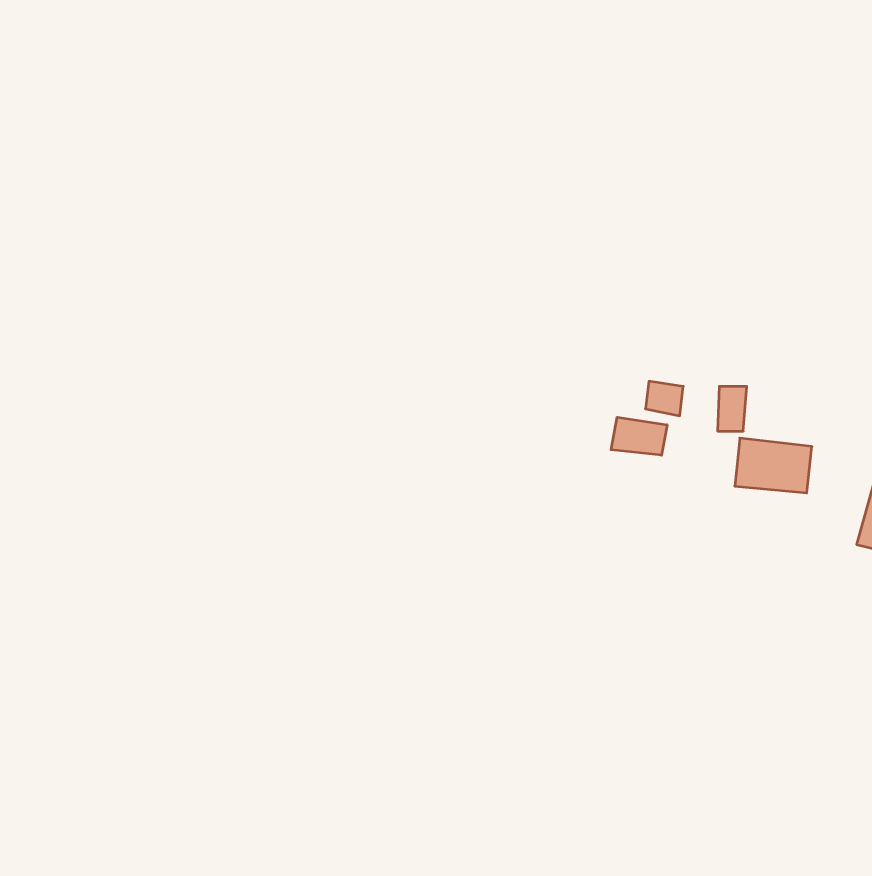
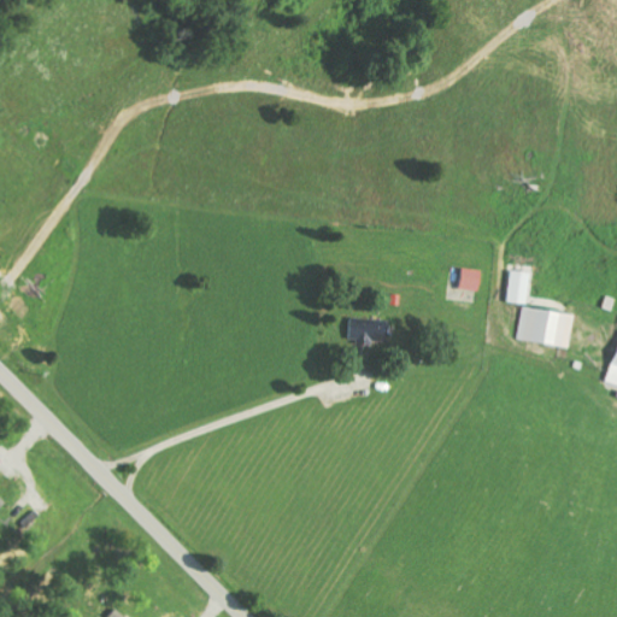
building: [611,417,667,455] -> none
building: none -> [342,318,386,342]

